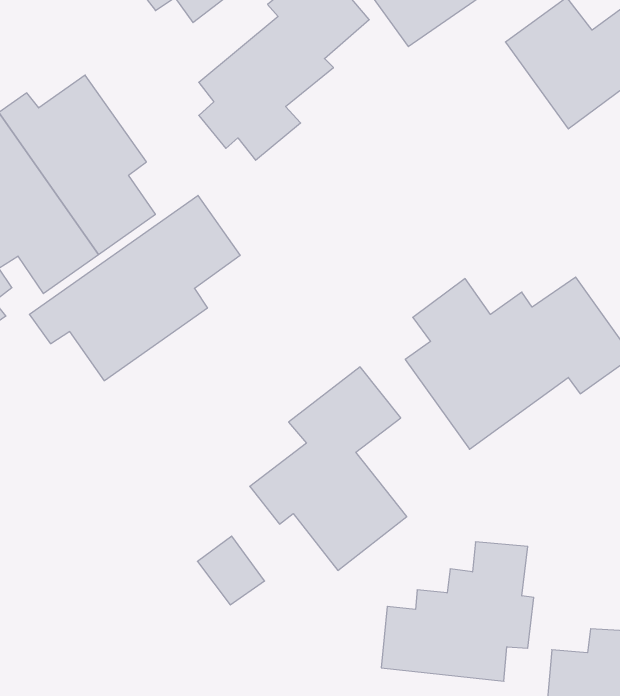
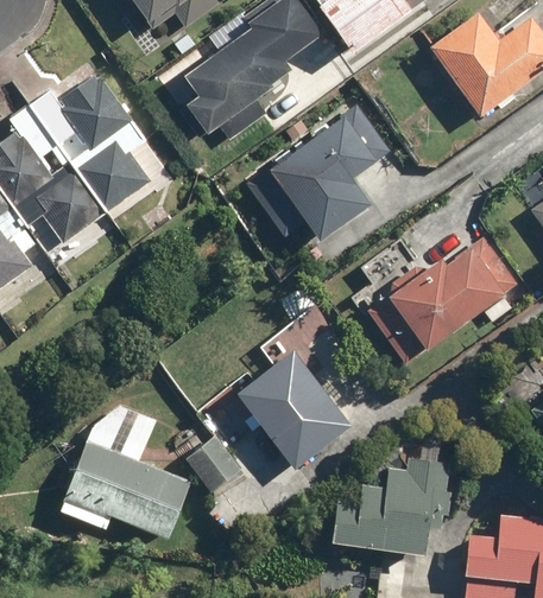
building: none -> [241,104,392,259]
building: [29,195,240,381] -> none
building: none -> [61,441,192,537]

